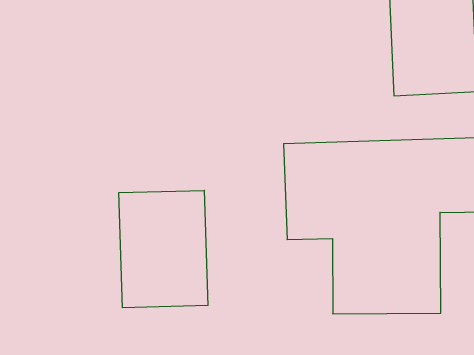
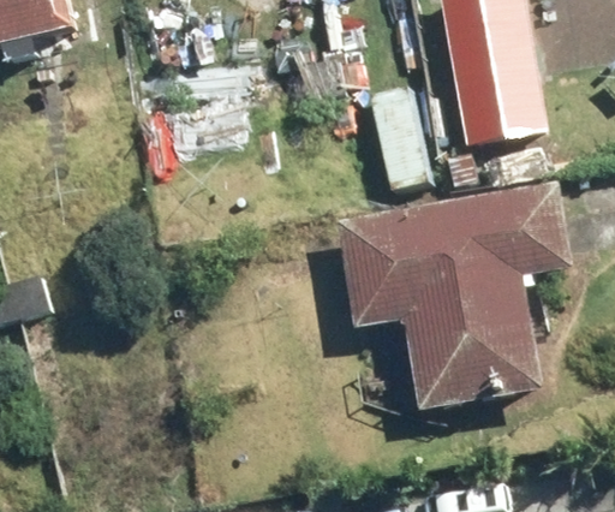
building: [119,190,208,308] -> none

